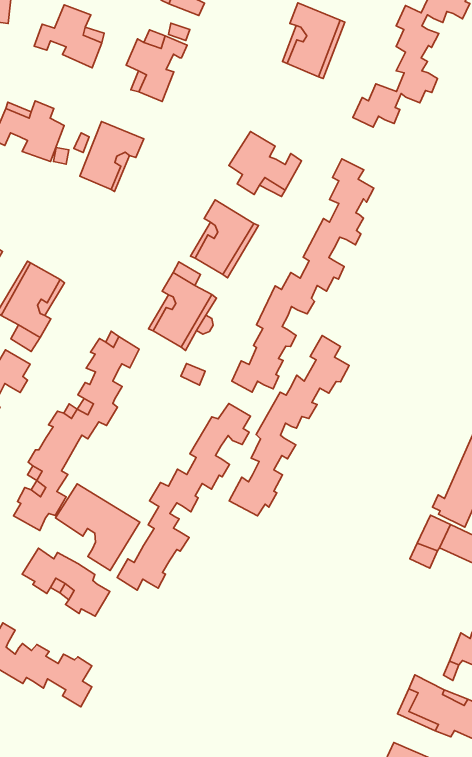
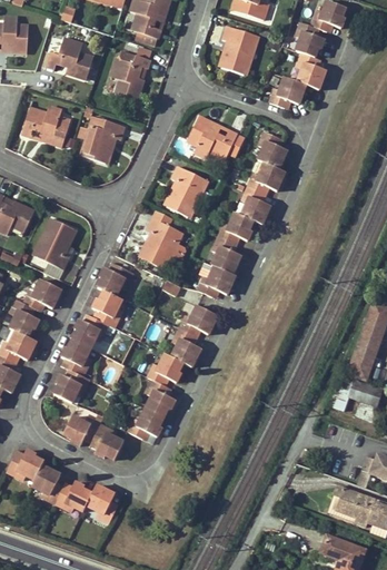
building: [229,335,349,516] -> none
building: [55,484,140,571] -> none

